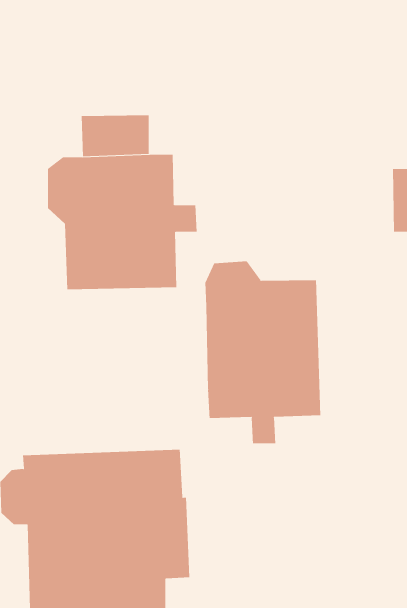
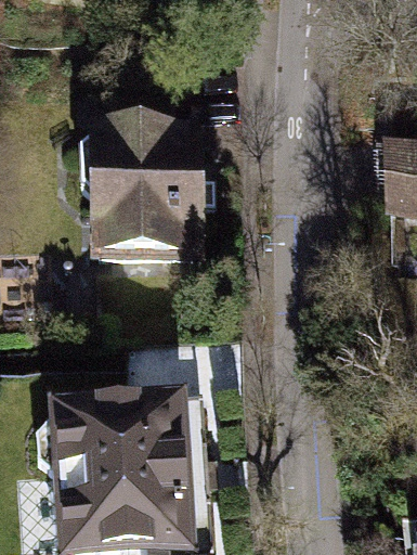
building: [205,260,321,444] -> none

